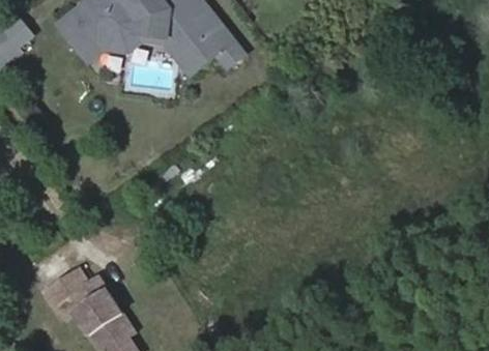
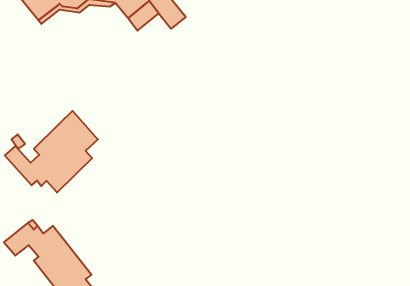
building: none -> [5,111,98,193]

